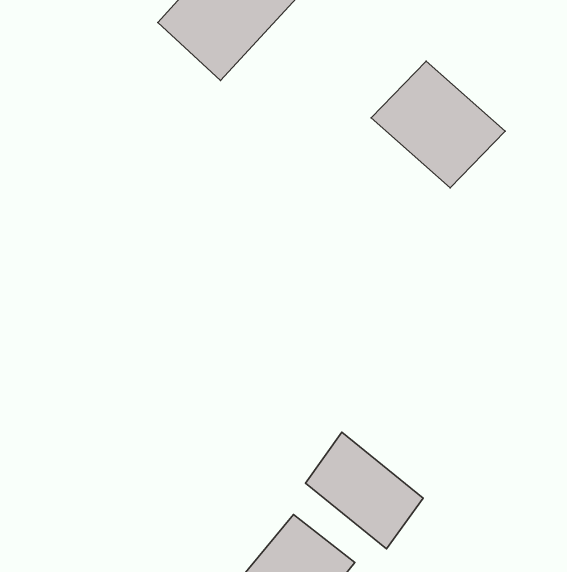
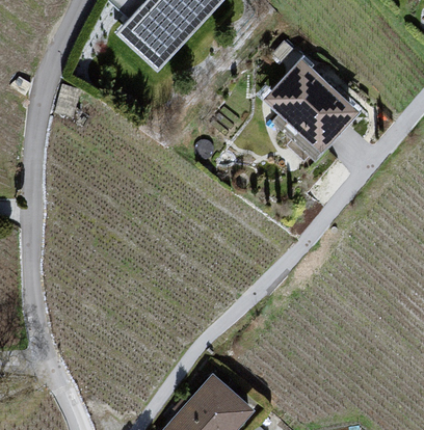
building: [305,432,423,549] -> none

